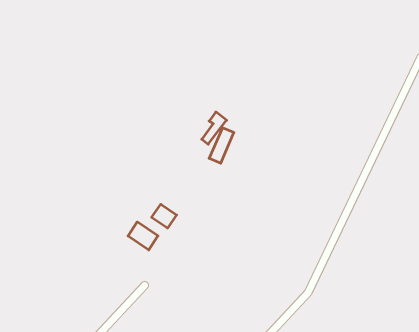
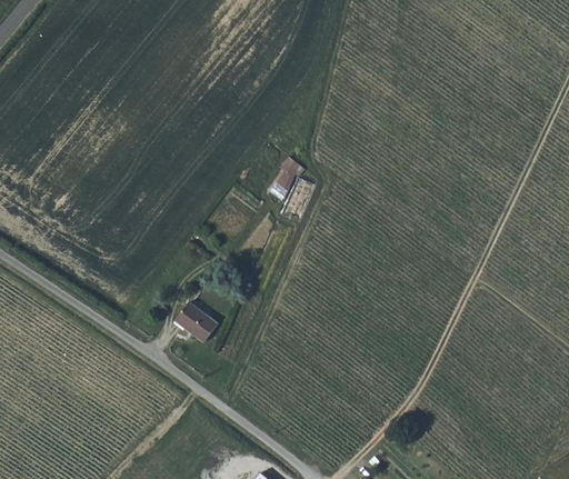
building: [152,204,177,228] -> none

